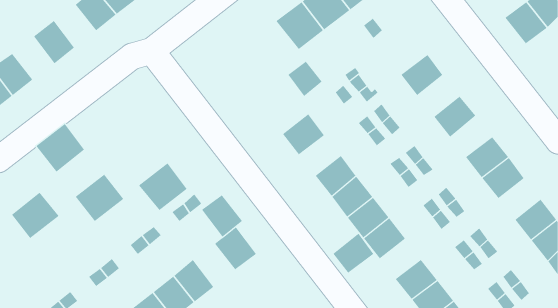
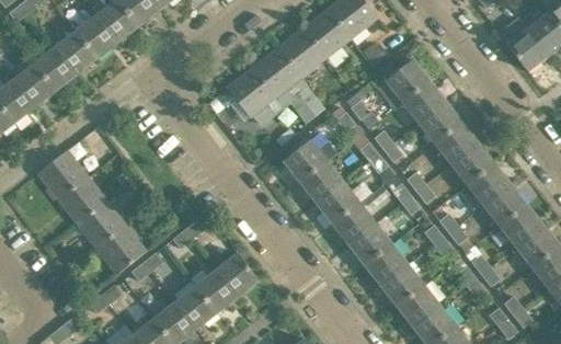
building: none -> [56,31,98,73]
building: none -> [227,47,300,116]
building: none -> [386,58,430,101]
building: none -> [14,62,56,105]
building: none -> [419,101,461,142]
building: none -> [451,141,494,183]
building: none -> [300,161,343,202]
building: [138,162,188,211] -> [96,225,146,273]
building: none -> [500,204,542,245]
building: [11,192,59,239] -> [58,175,106,222]
building: [201,195,243,237] -> [195,270,237,312]
building: [333,233,374,274] -> [381,264,423,305]

